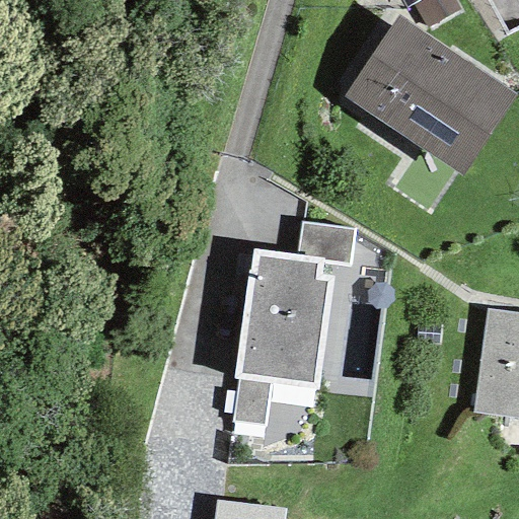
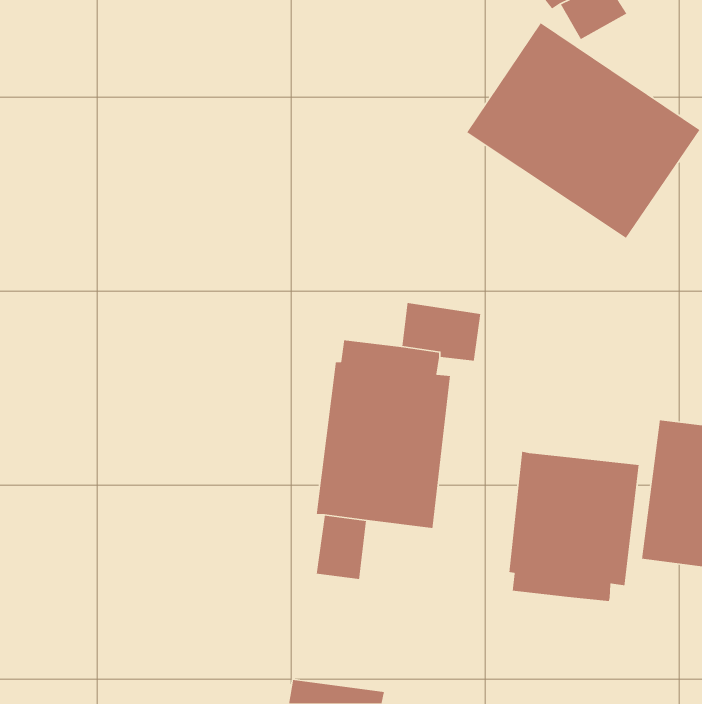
building: none -> [508,451,639,602]

